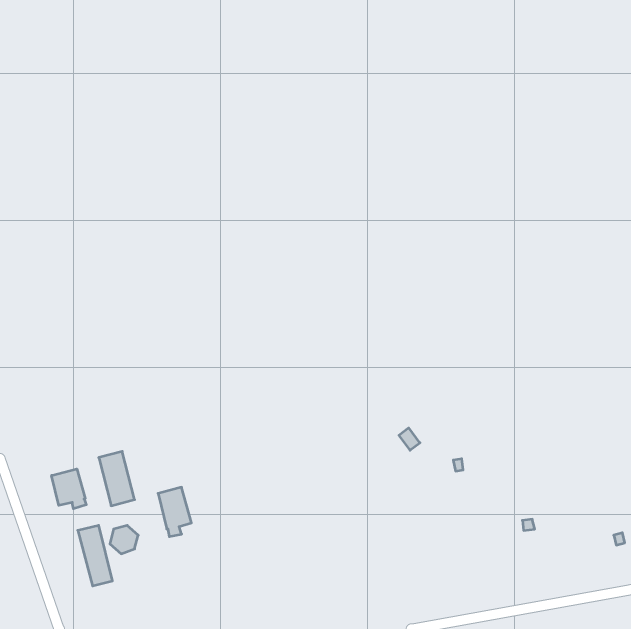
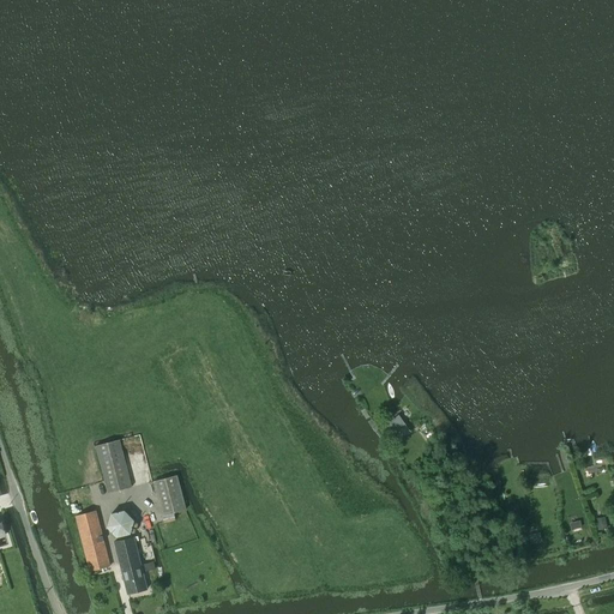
building: [52,469,86,509] -> none
building: none -> [114,536,155,592]

